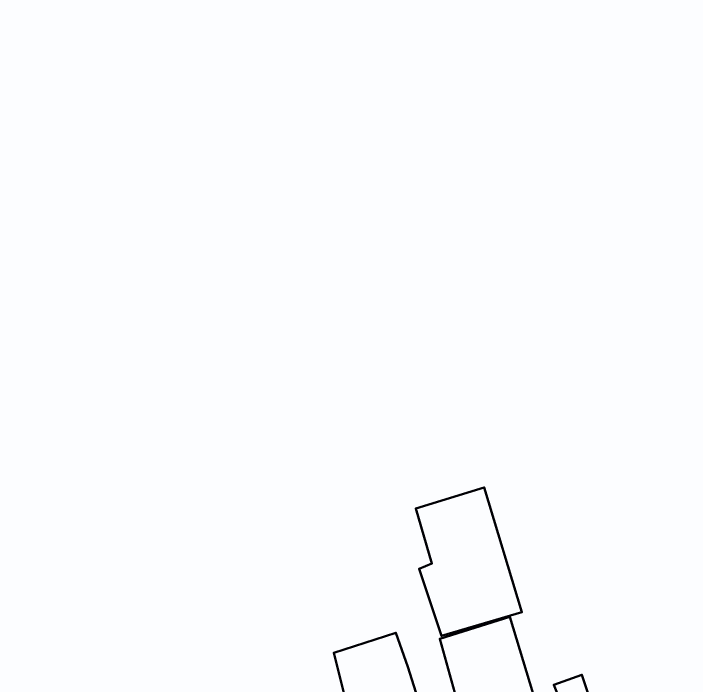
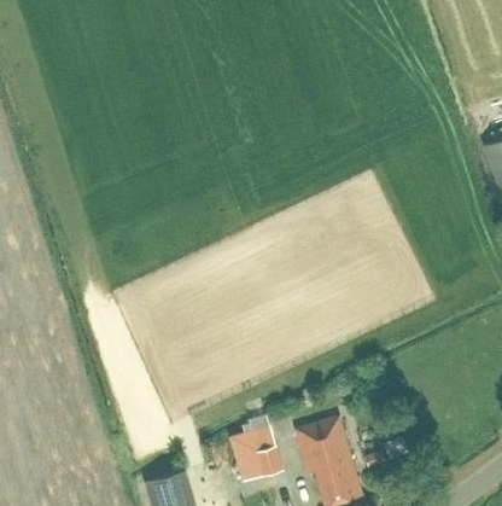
building: [416,488,522,636] -> none

